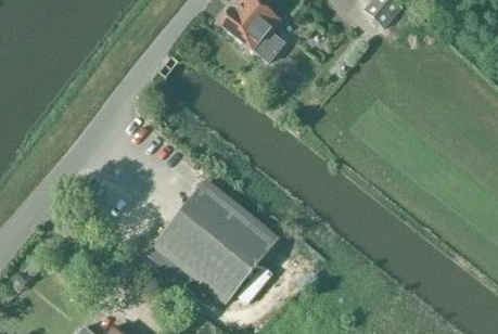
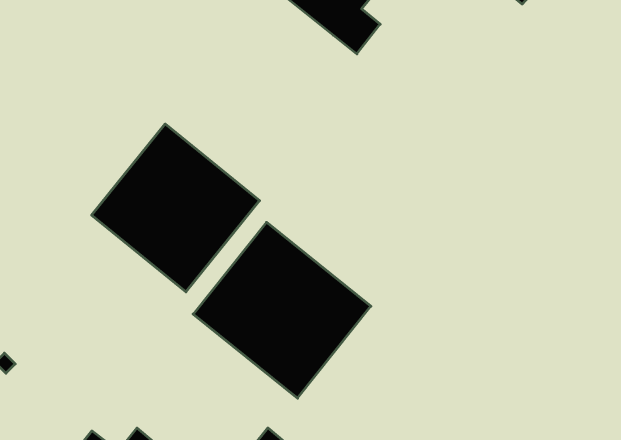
building: none -> [92,124,260,292]

